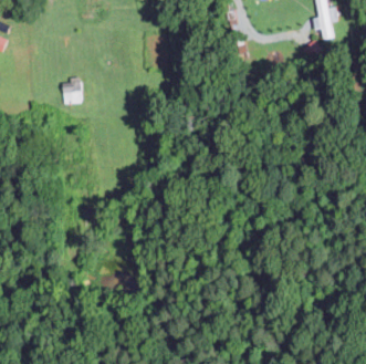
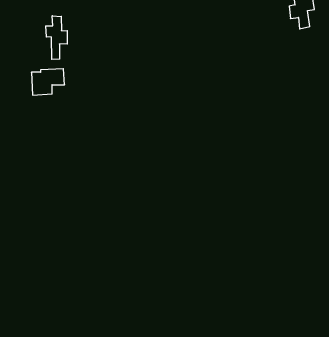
building: none -> [46,16,67,59]

